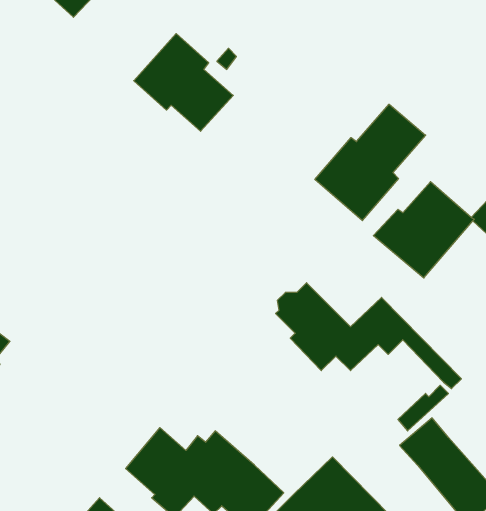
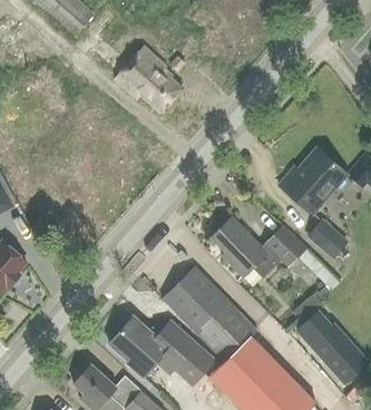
building: [315,104,426,221] -> none
building: none -> [309,221,346,257]
building: none -> [163,267,257,362]

